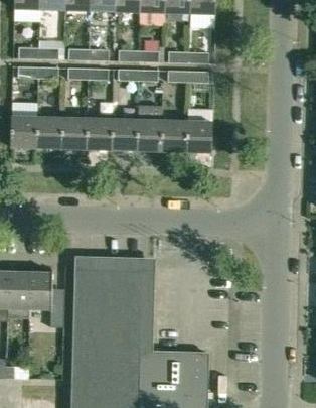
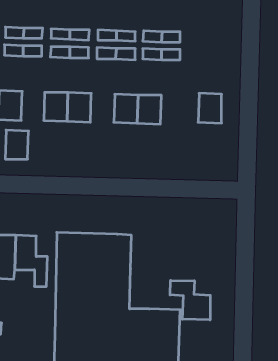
building: [36,116,61,147] -> [5,130,29,159]
building: [111,118,137,149] -> none
building: [186,120,211,152] -> [198,93,222,123]
building: none -> [170,280,210,320]

